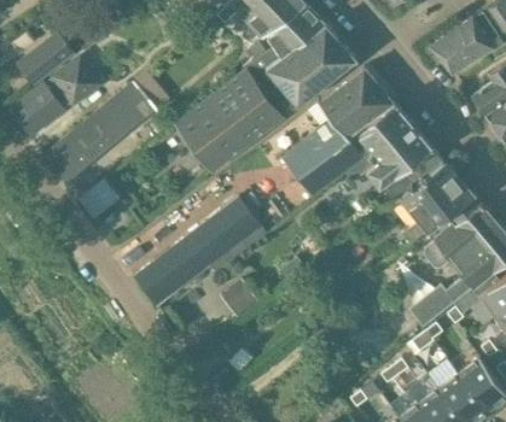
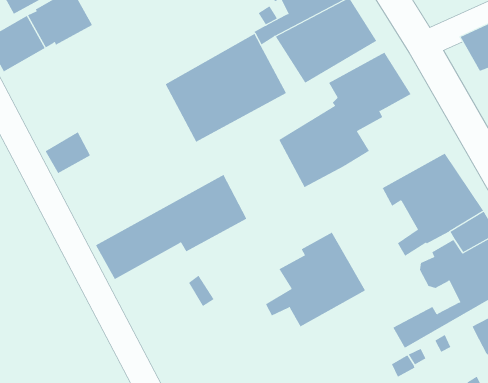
building: [43,82,153,183] -> none
building: [344,101,431,189] -> [265,232,366,327]

